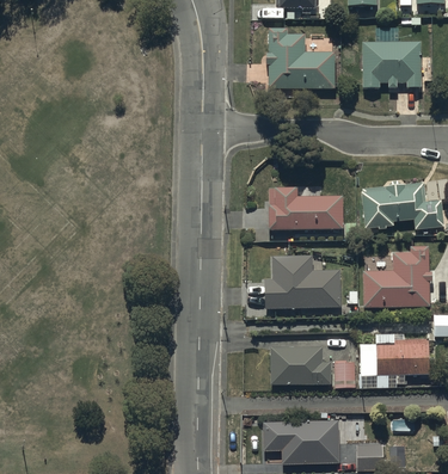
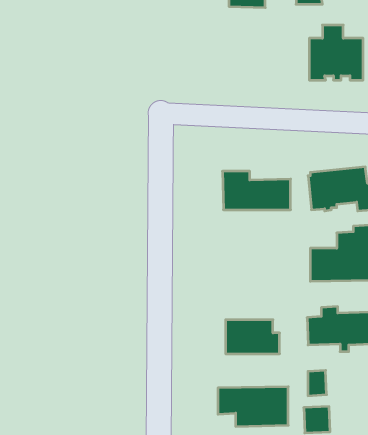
building: [266,26,335,87] -> none
building: [264,254,340,307] -> none
building: [335,359,355,387] -> [308,370,327,396]

